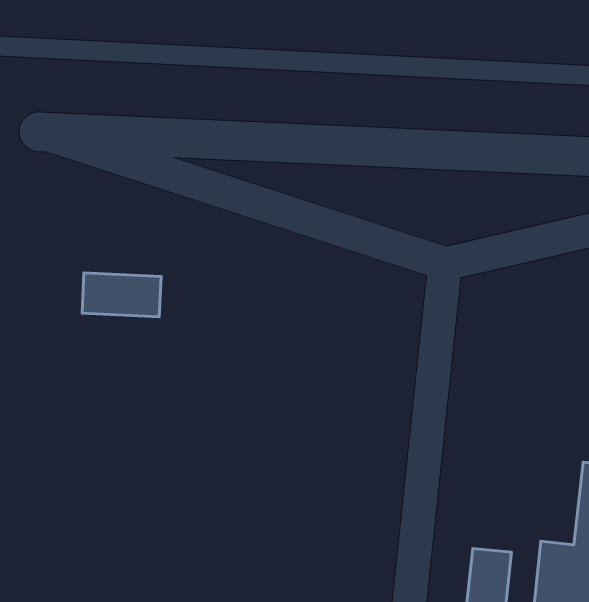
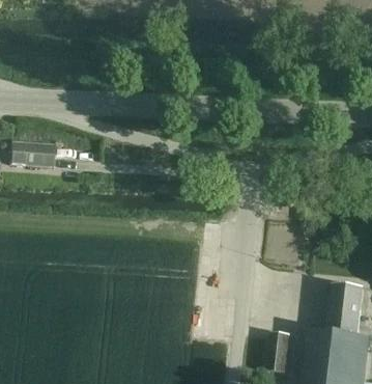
building: [82,273,161,317] -> [10,140,55,165]

